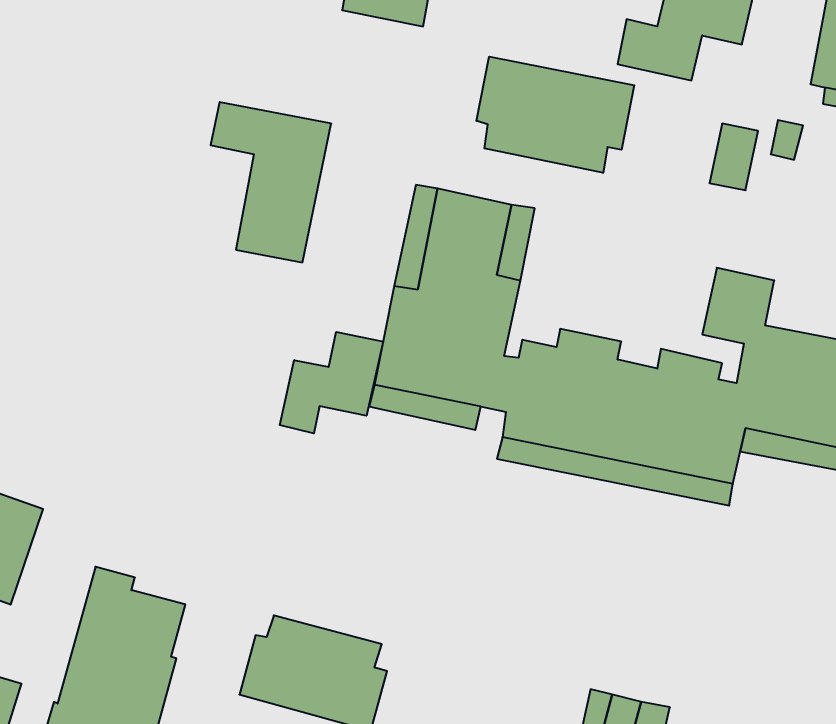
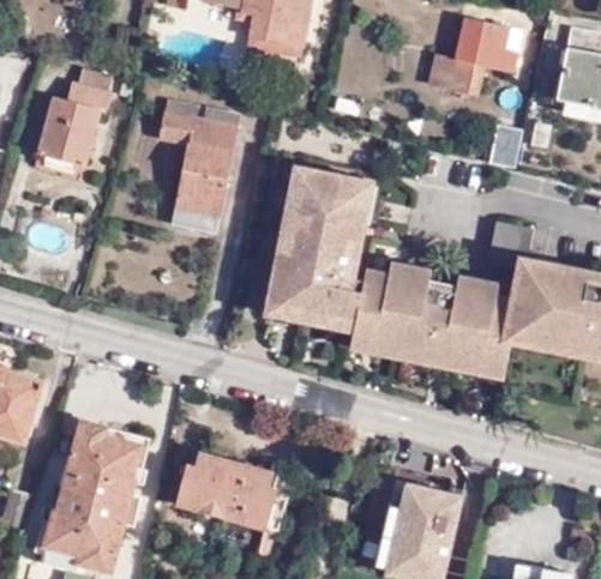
building: none -> [36,67,112,165]
building: [476,57,634,173] -> none
building: [280,332,383,433] -> none

